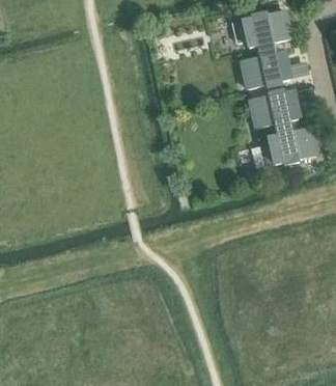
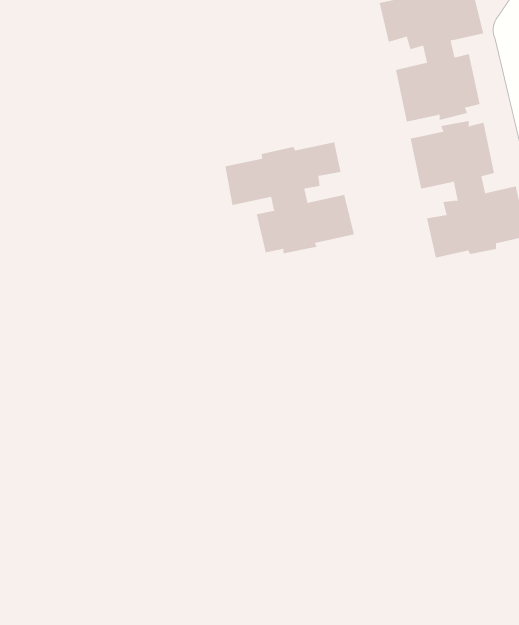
building: none -> [225,141,354,254]

